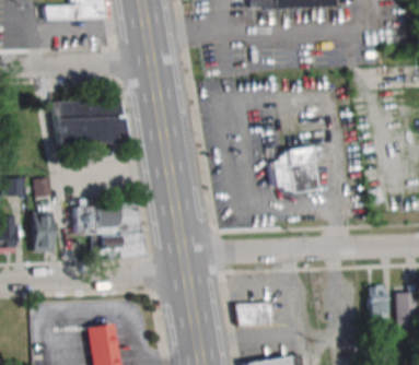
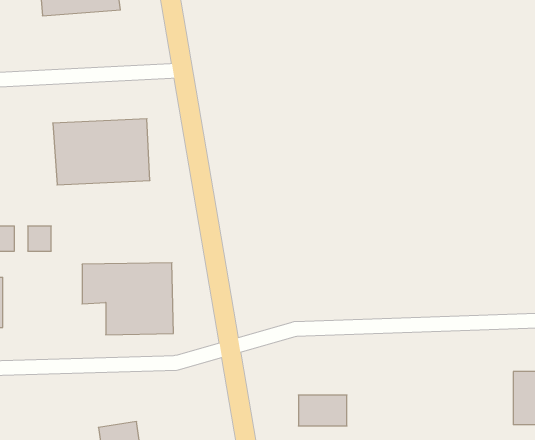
building: [268,145,319,193] -> none
building: [33,212,55,252] -> none
building: [369,286,387,322] -> none

